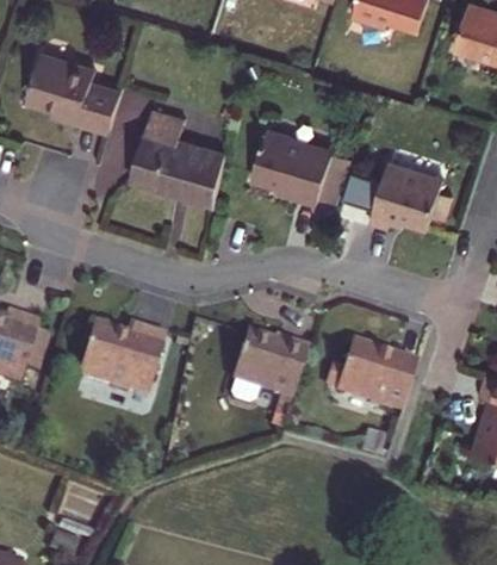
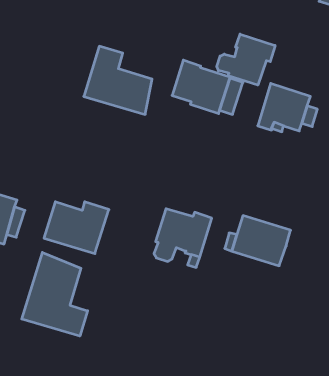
building: [27,52,120,129] -> none
building: none -> [217,34,275,85]
building: none -> [22,252,88,336]

